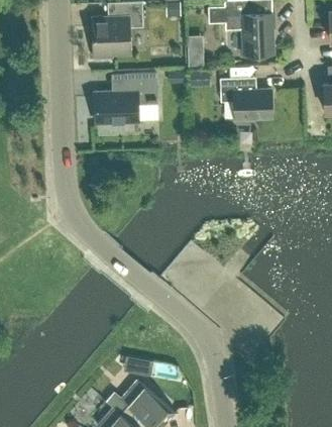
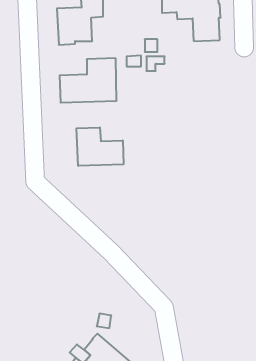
building: [219,78,271,119] -> none
building: none -> [77,127,123,166]

